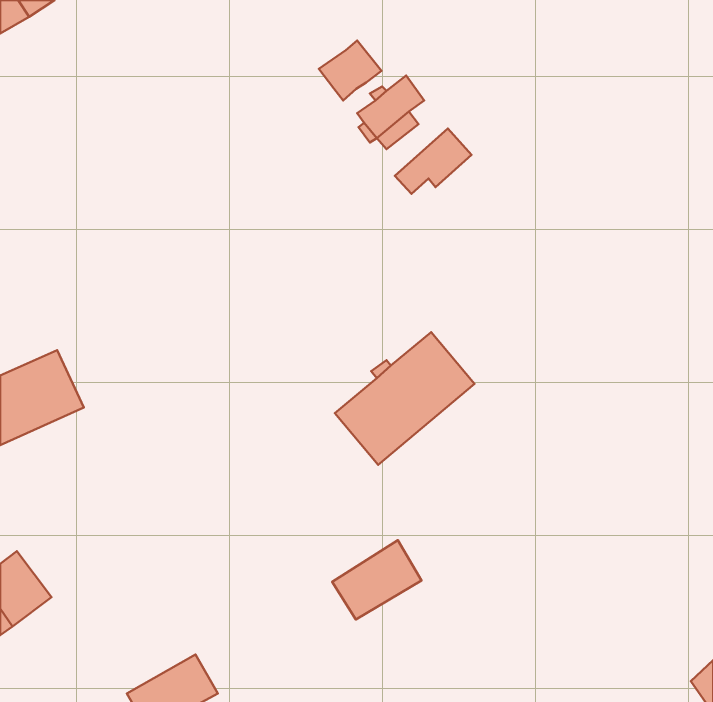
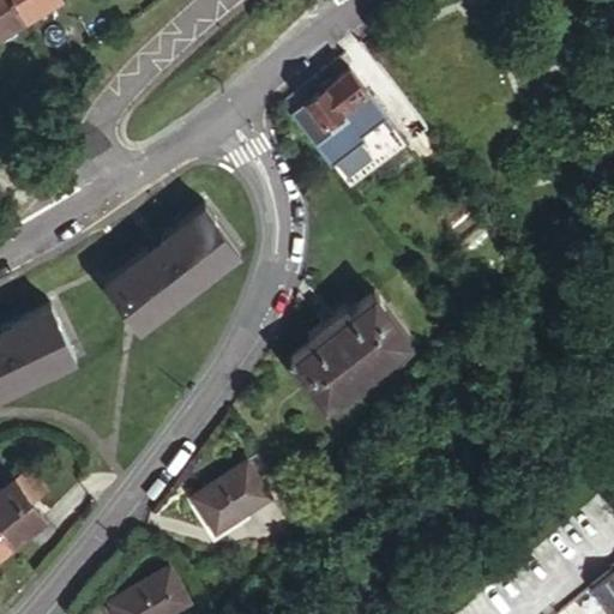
building: [319,41,382,100] -> none
building: none -> [104,211,237,331]
building: [332,540,421,620] -> [189,465,266,534]

